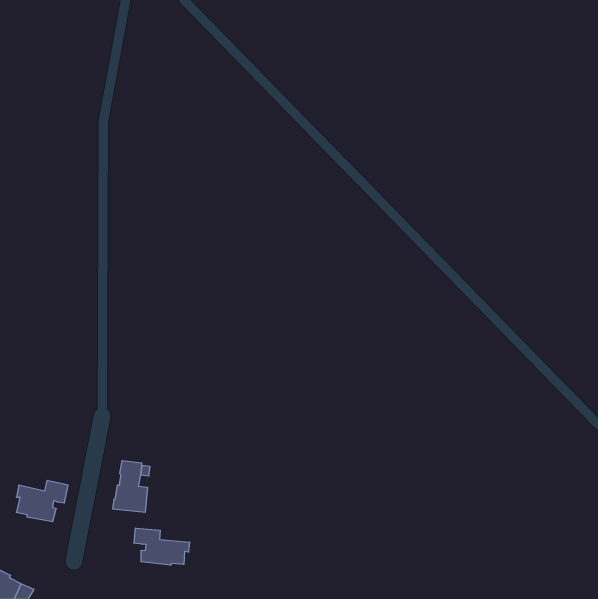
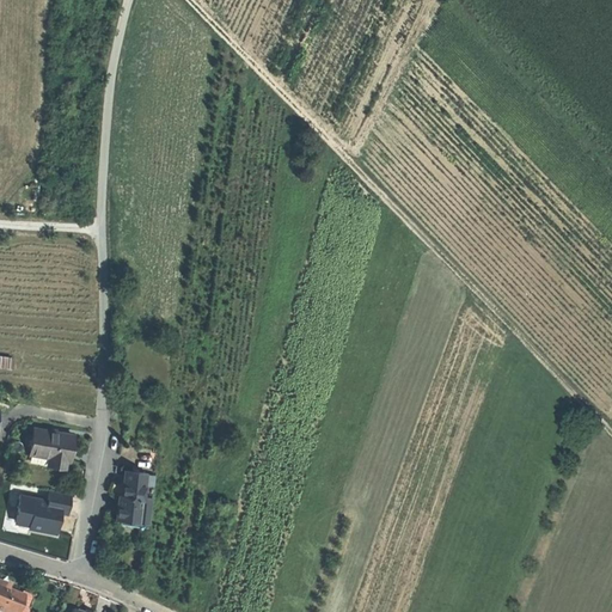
building: none -> [26,428,72,467]
building: [134,528,190,565] -> none

